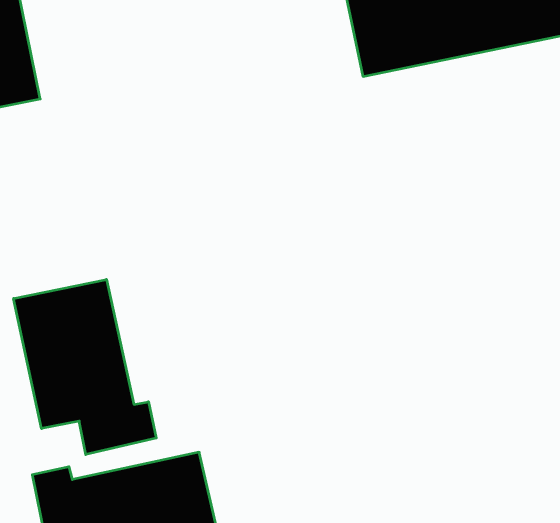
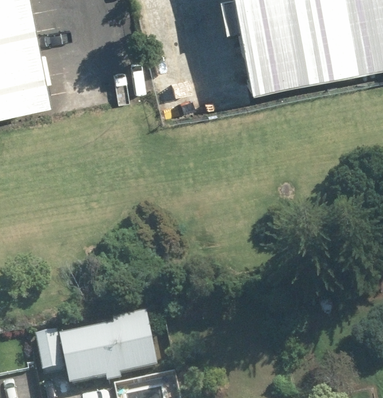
building: [14,279,156,455] -> none

